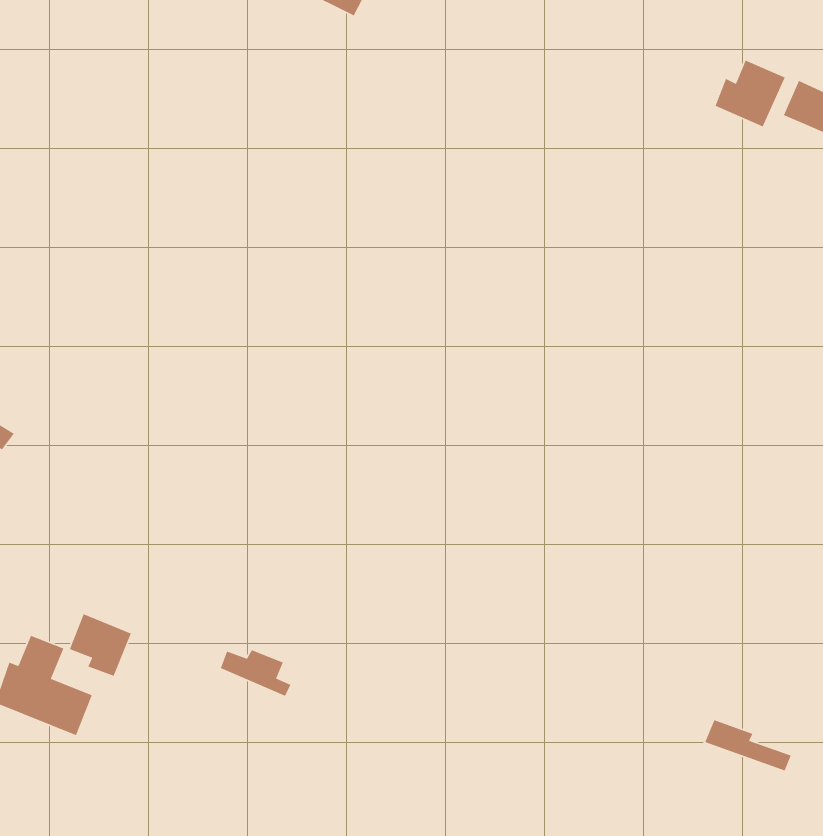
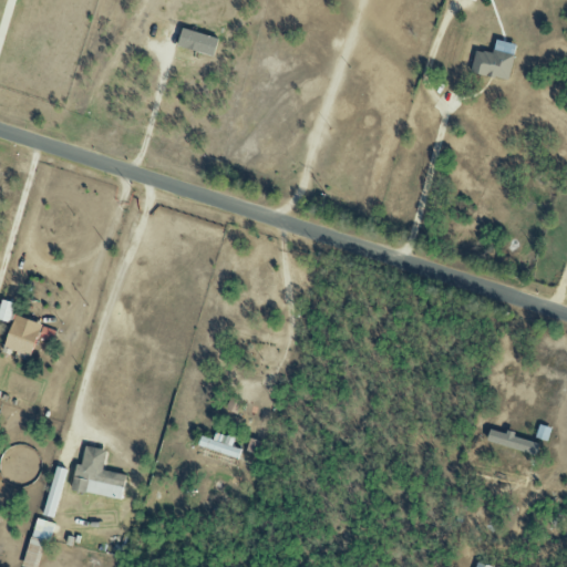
building: [714,59,786,127] -> none
building: [69,613,132,677] -> none

